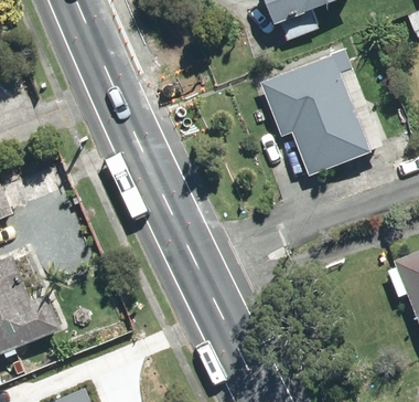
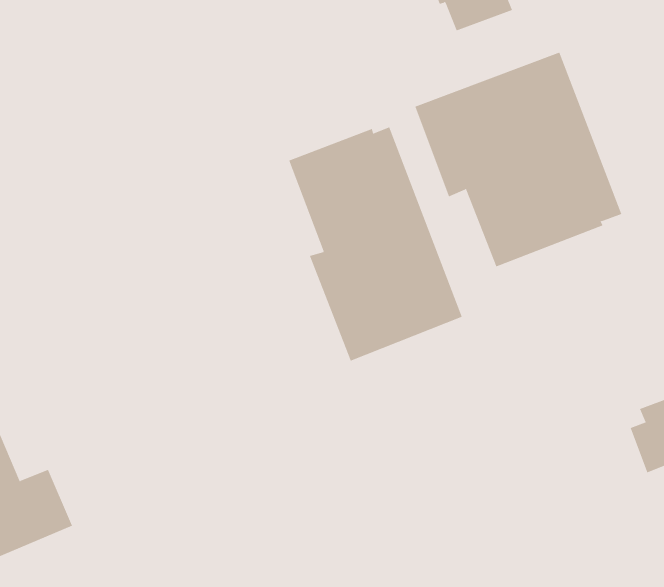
building: none -> [288,126,463,361]

